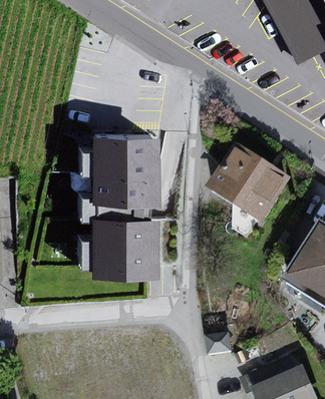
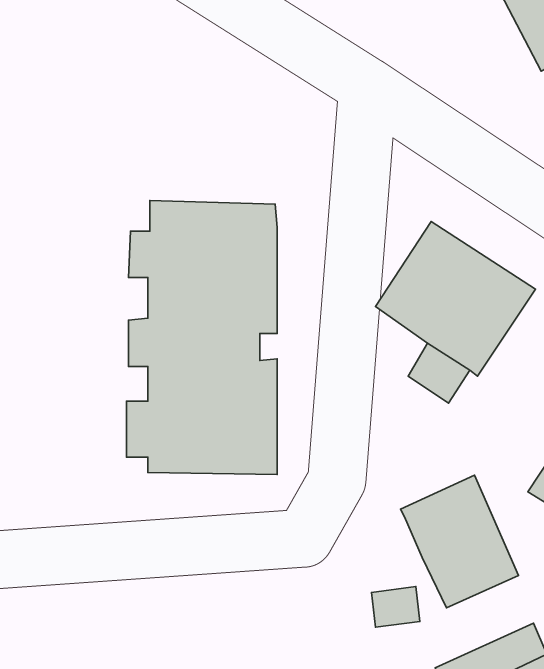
building: none -> [401,475,519,608]

